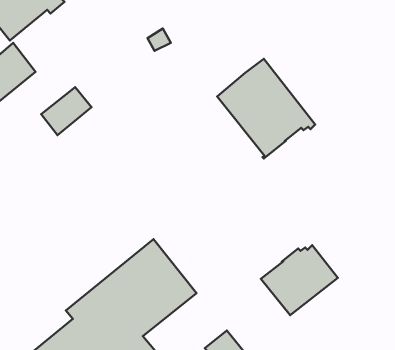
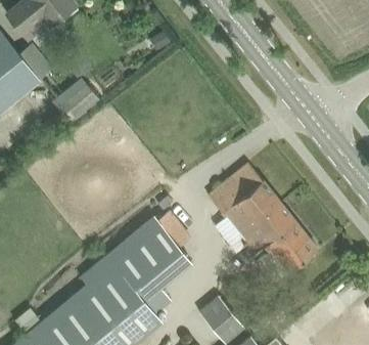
building: [217,59,315,158] -> [207,165,293,252]

